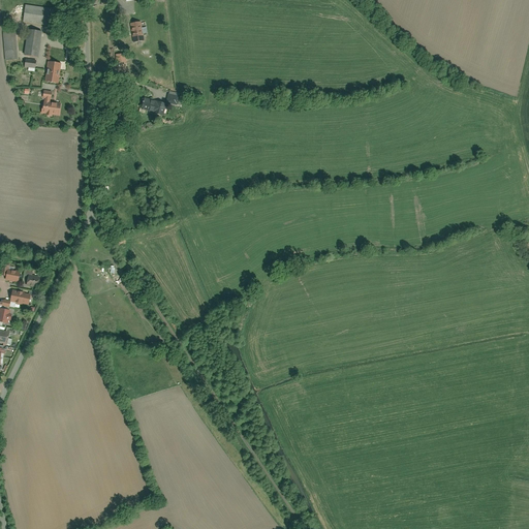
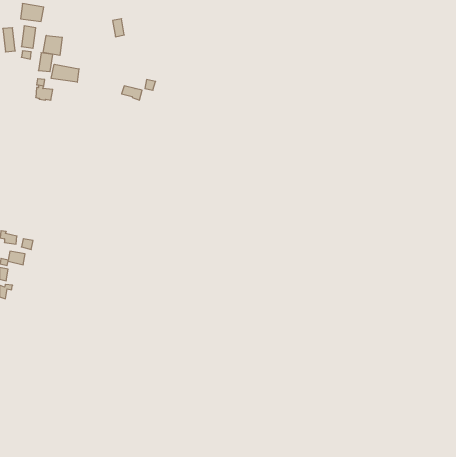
building: none -> [43,35,62,55]
building: none -> [51,64,79,82]

